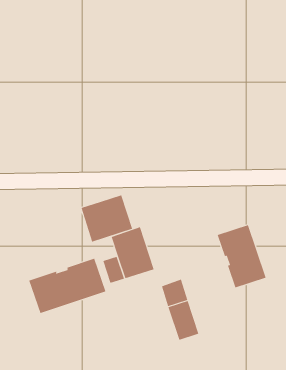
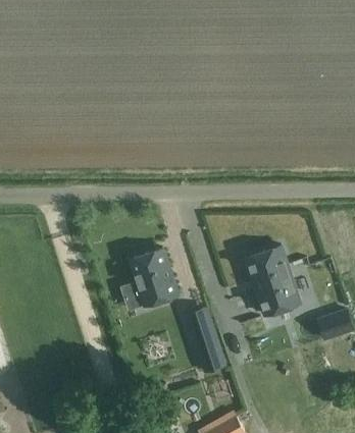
building: [81,195,133,243] -> none
building: [29,258,106,314] -> none

